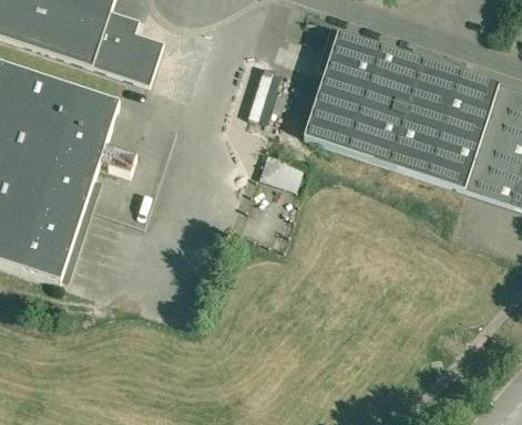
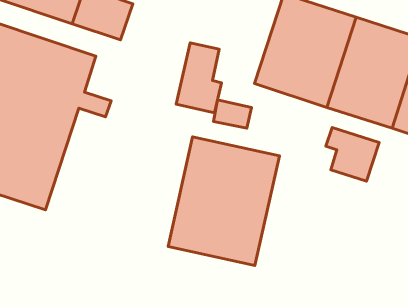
building: none -> [176,43,221,113]
building: none -> [326,128,379,181]
building: none -> [168,137,279,266]

